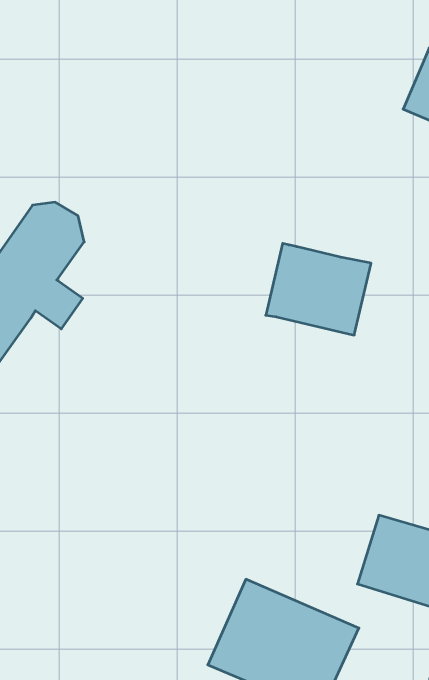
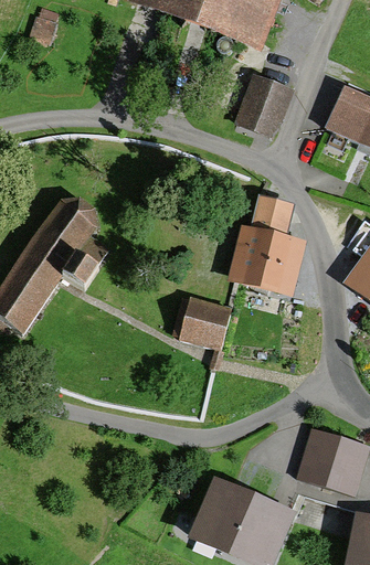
building: none -> [245,76,294,138]
building: none -> [249,199,288,239]
building: none -> [176,298,228,351]

